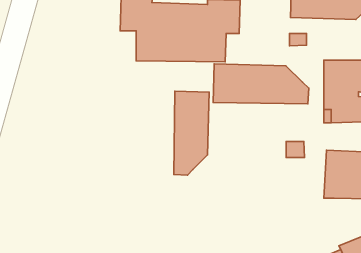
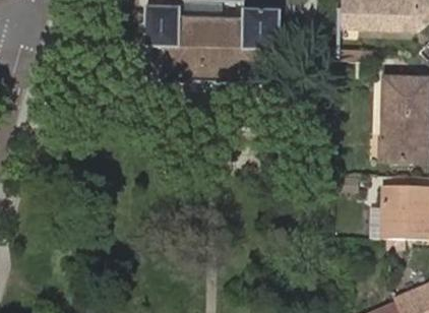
building: [213,64,309,104] -> none
building: [174,91,209,175] -> none

